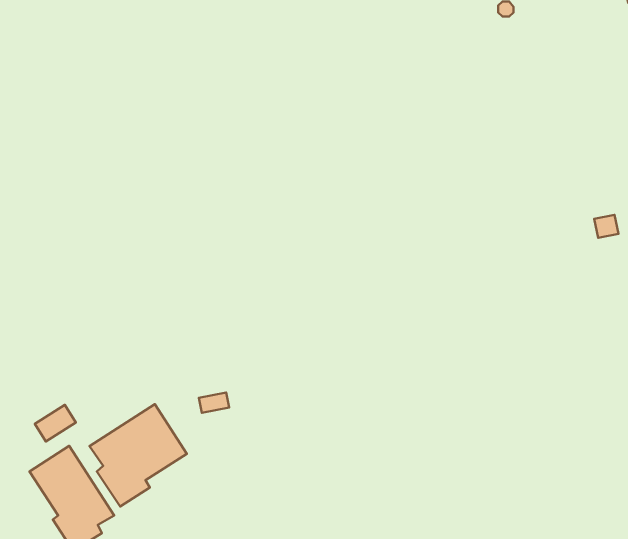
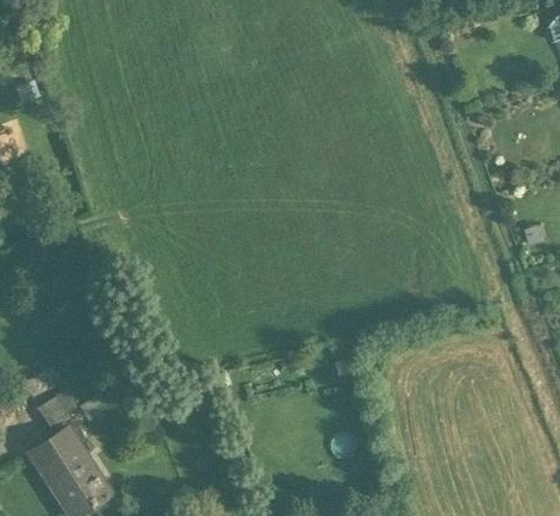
building: [90,404,187,507] -> none

